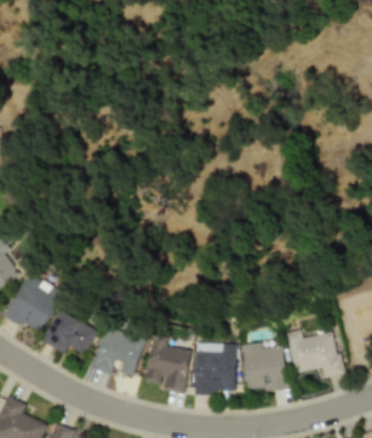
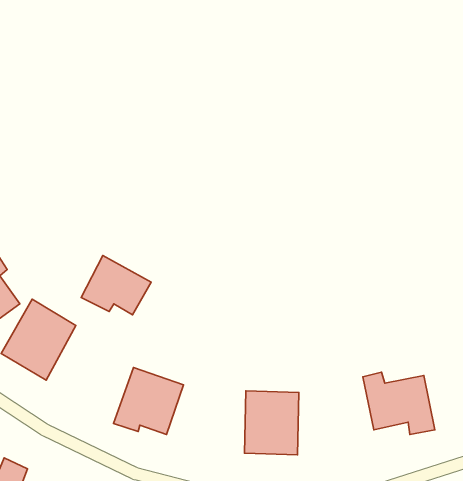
building: [44,310,98,356] -> [81,256,151,315]
building: [145,335,191,393] -> none
building: [241,342,288,391] -> none

